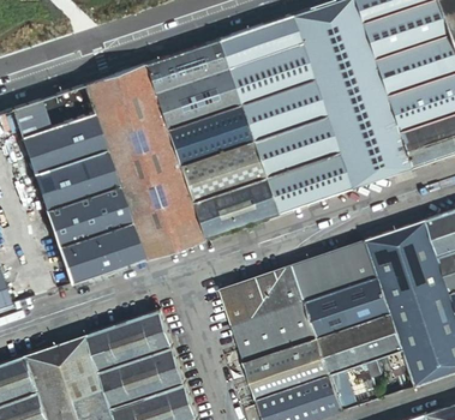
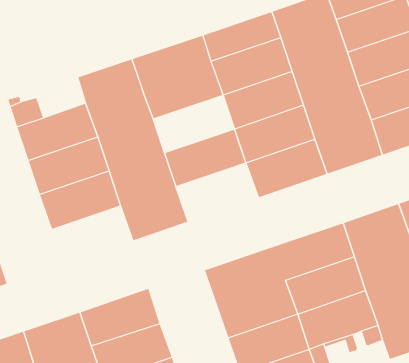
building: [166,104,252,166] -> none
building: [190,176,277,239] -> none
building: [58,222,144,284] -> none

